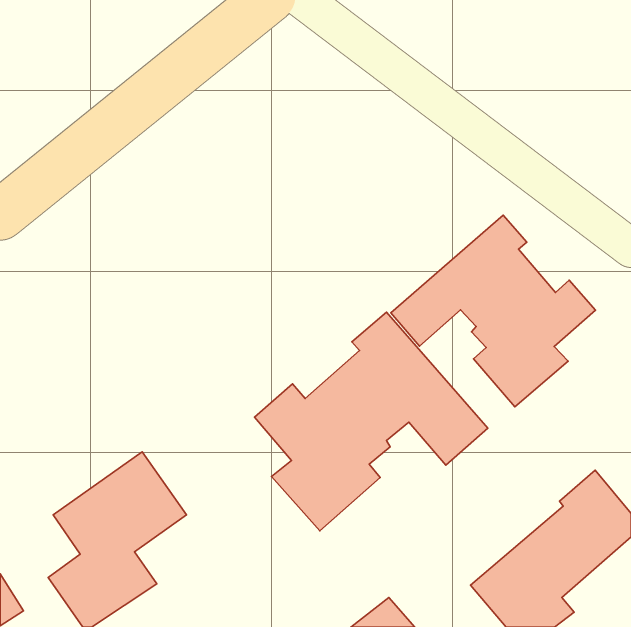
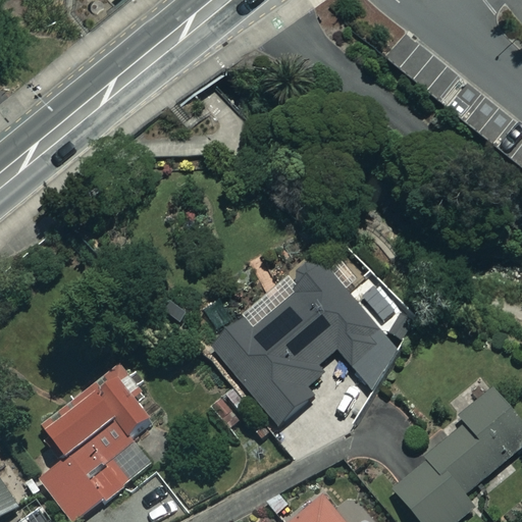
building: [391,215,595,407] -> none

